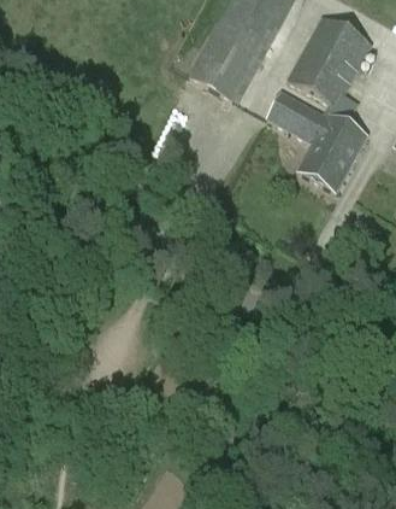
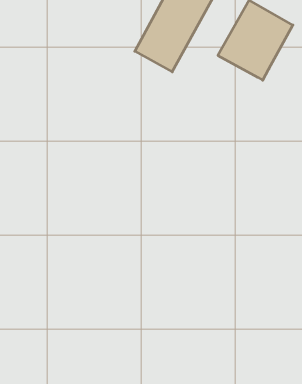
building: [266,93,368,191] -> none

